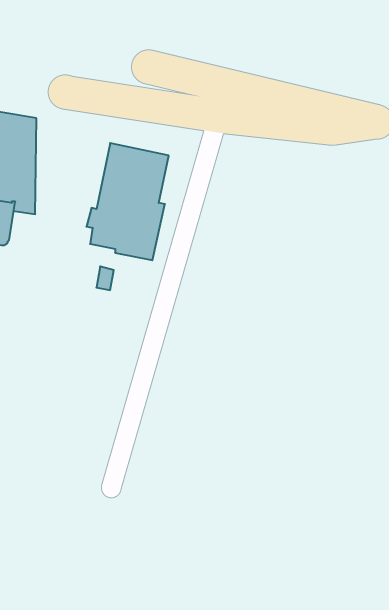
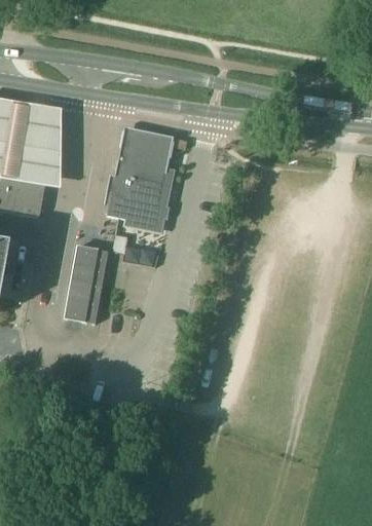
building: none -> [65,243,109,322]

